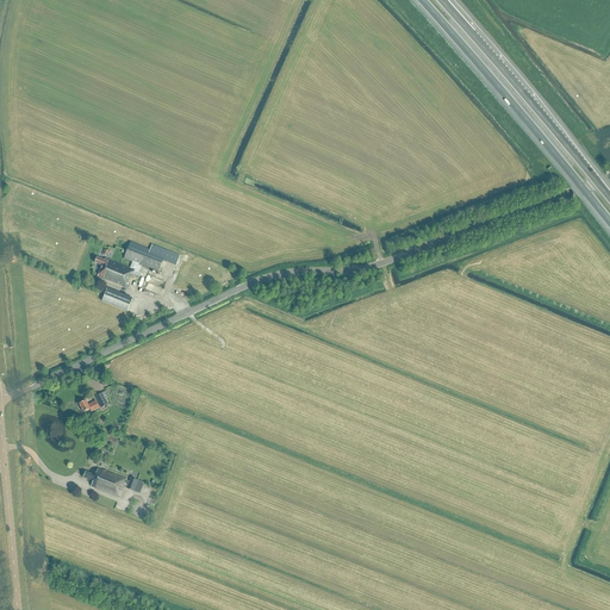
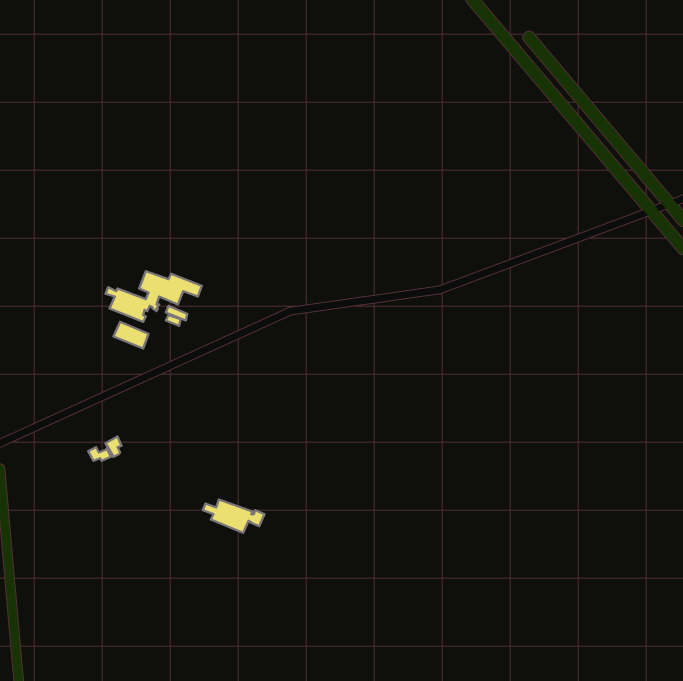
building: [83,467,138,497] -> [203,499,264,533]

